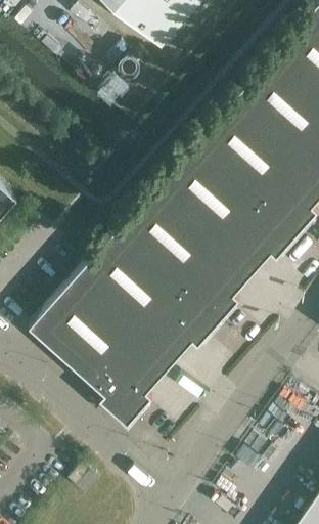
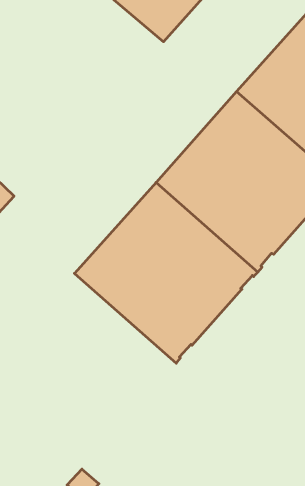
building: [30,278,175,418] -> none

